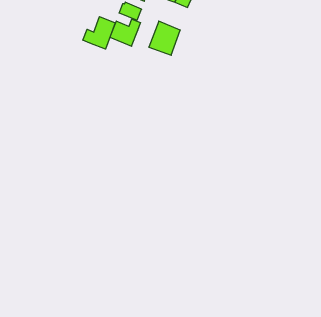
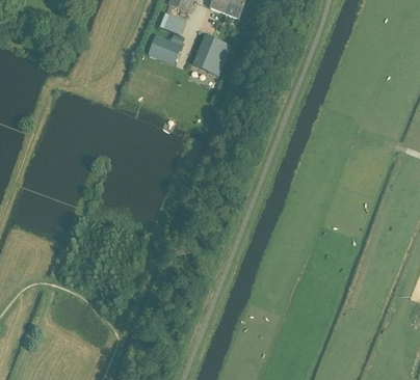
building: [83,17,115,49] -> none

